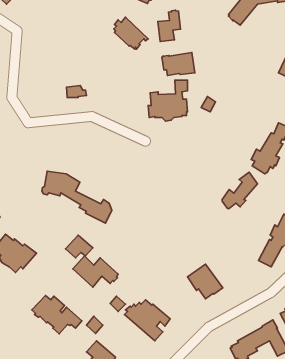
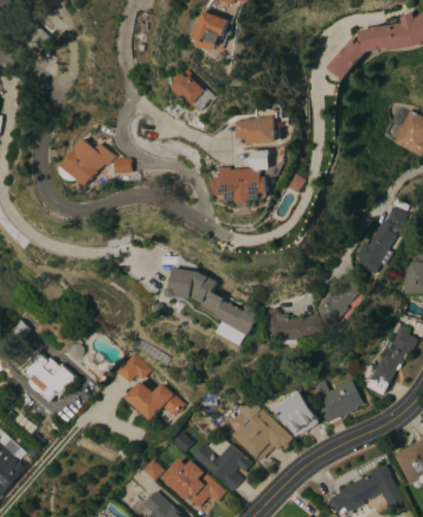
building: [158,10,181,42] -> none
building: none -> [64,140,116,186]
building: [42,171,112,223] -> [165,268,256,336]
building: none -> [261,307,325,345]
building: none -> [313,379,361,423]
building: none -> [230,398,291,461]
building: [32,295,82,334] -> [160,459,225,509]

